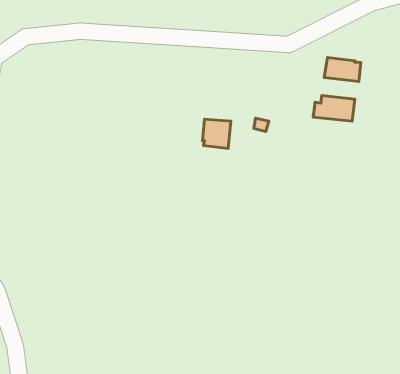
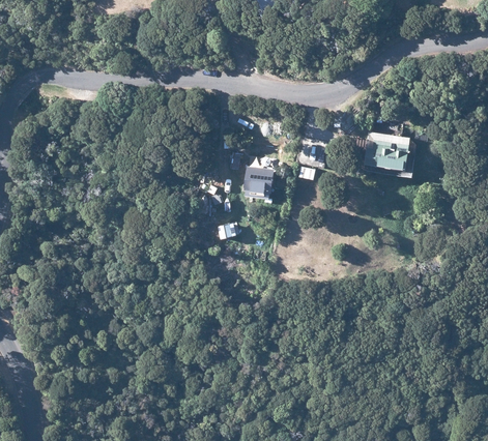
building: [324,58,361,81] -> none

